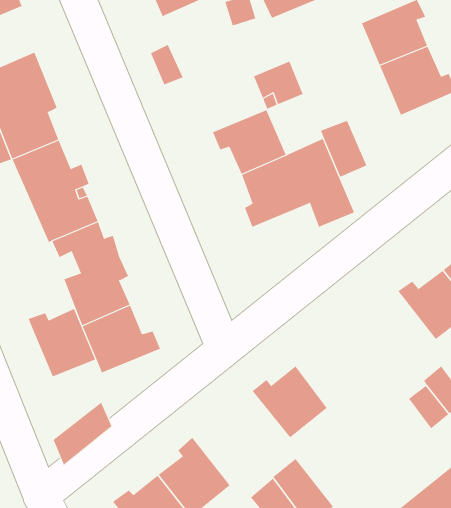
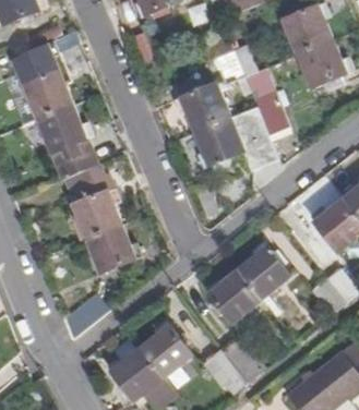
building: [28,308,96,377] -> none
building: none -> [237,242,288,299]

